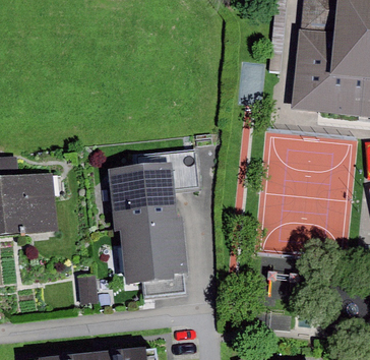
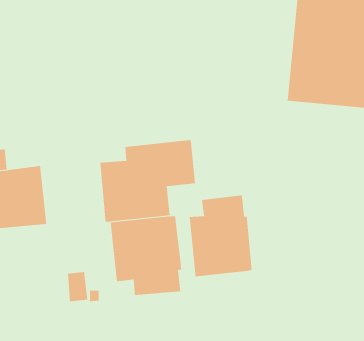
building: none -> [189,195,252,277]

